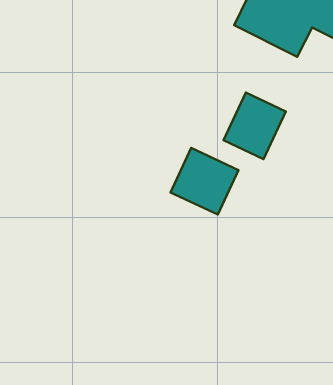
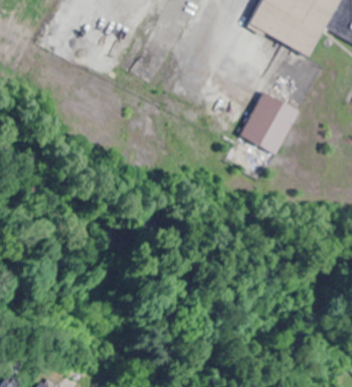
building: [171,148,238,215] -> none

